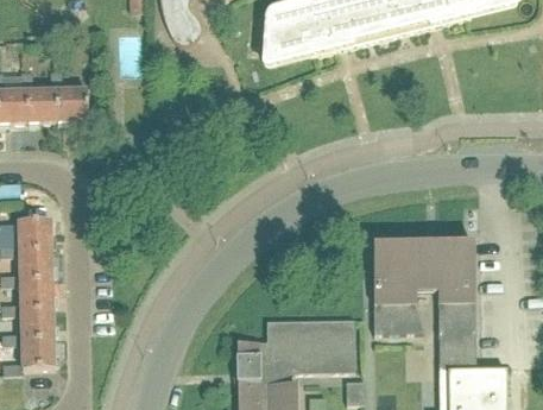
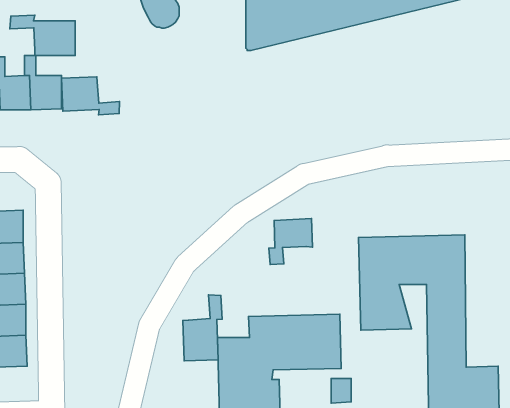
building: none -> [10,15,75,56]
building: none -> [62,77,120,115]
building: none -> [269,218,312,265]
building: none -> [183,295,222,361]

